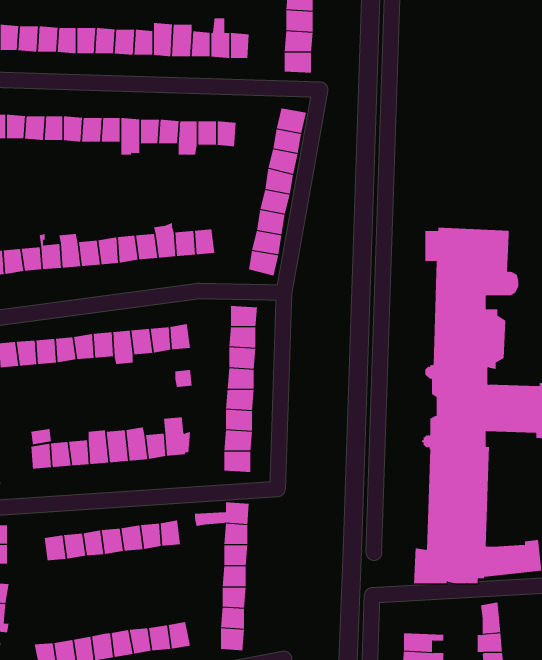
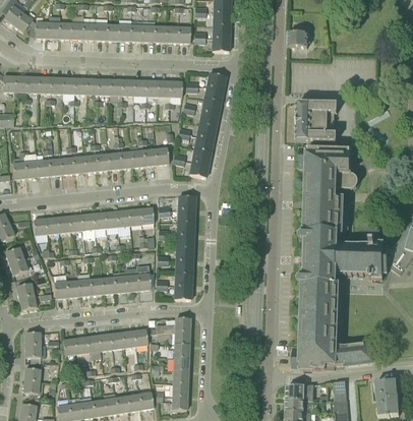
building: none -> [288,24,310,47]
building: none -> [296,103,338,141]
building: none -> [286,383,318,400]

